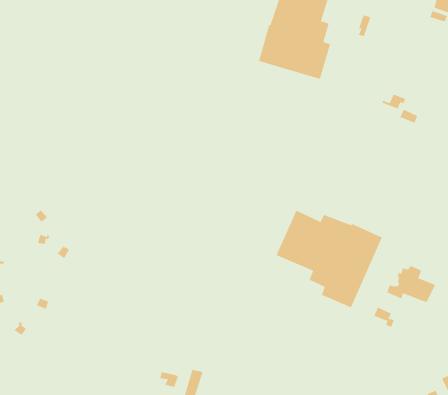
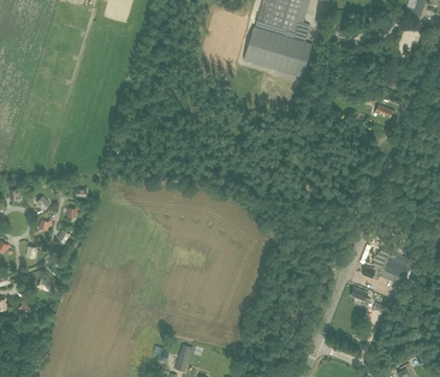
building: [276,210,383,308] -> none

